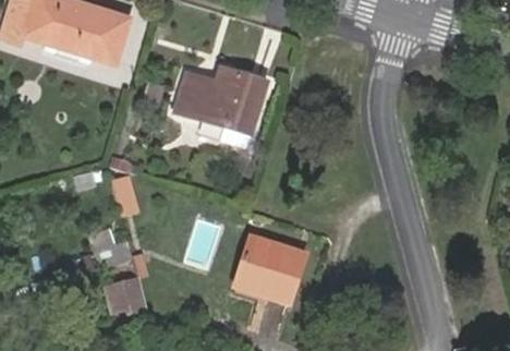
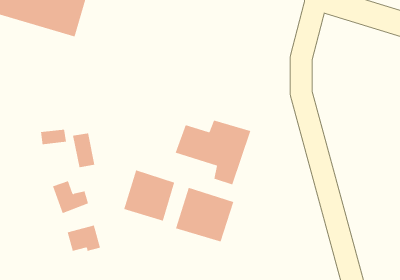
building: [173,71,264,148] -> [175,120,251,185]
building: none -> [123,170,175,221]

